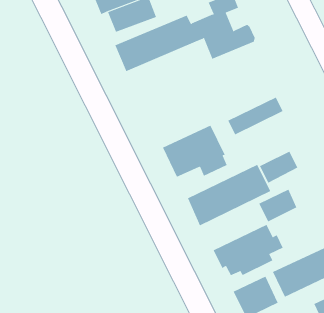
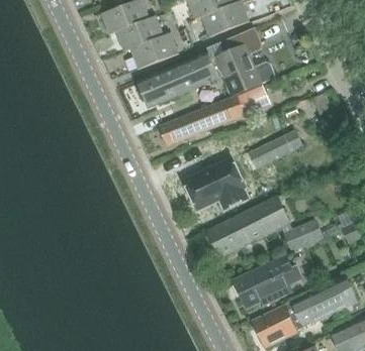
building: none -> [159,96,244,145]
building: [259,151,298,183] -> none

